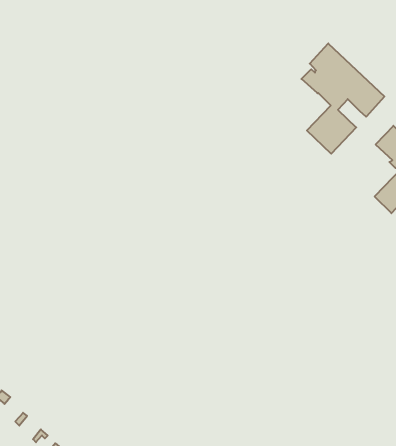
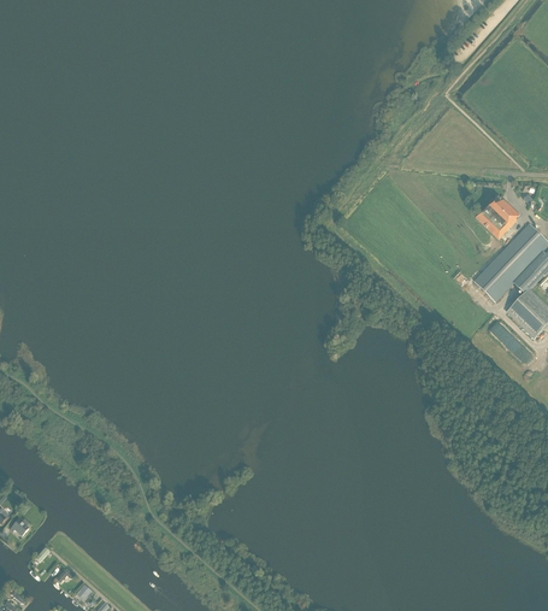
building: [301,43,384,154] -> none

